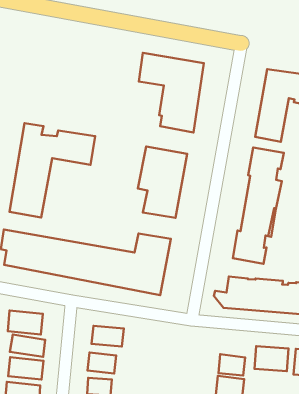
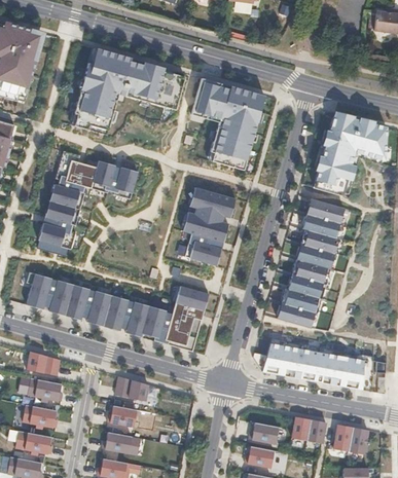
building: none -> [68,51,182,138]

